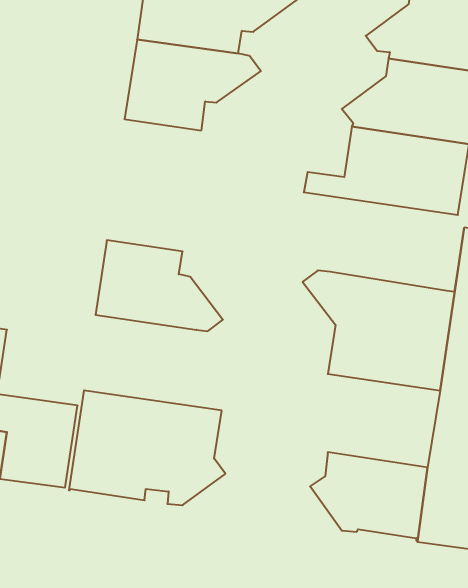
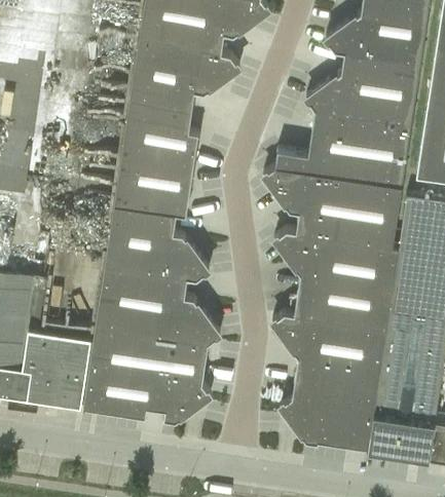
building: none -> [114,109,198,218]
building: none -> [263,168,400,249]
building: none -> [96,268,220,346]
building: none -> [271,314,385,392]

